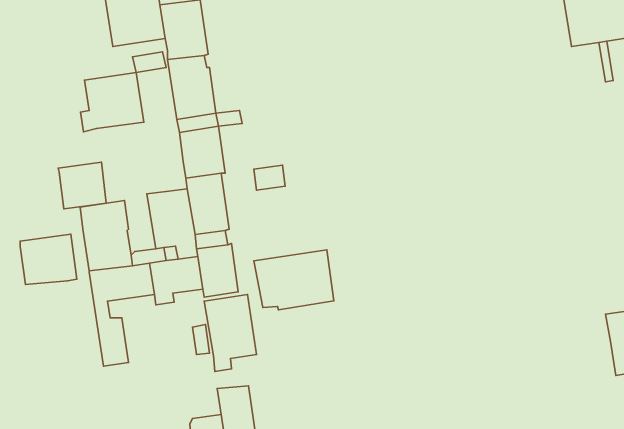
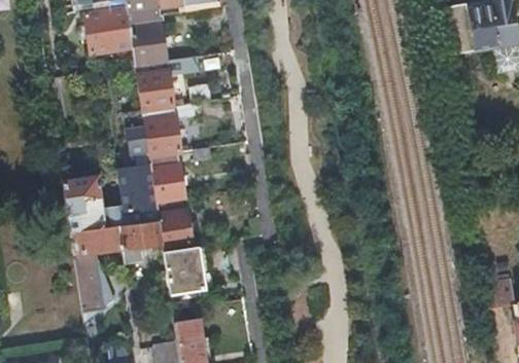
building: [80,72,144,132] -> none
building: [58,162,106,209] -> none
building: [20,234,77,285] -> none
building: [254,250,334,310] -> none

